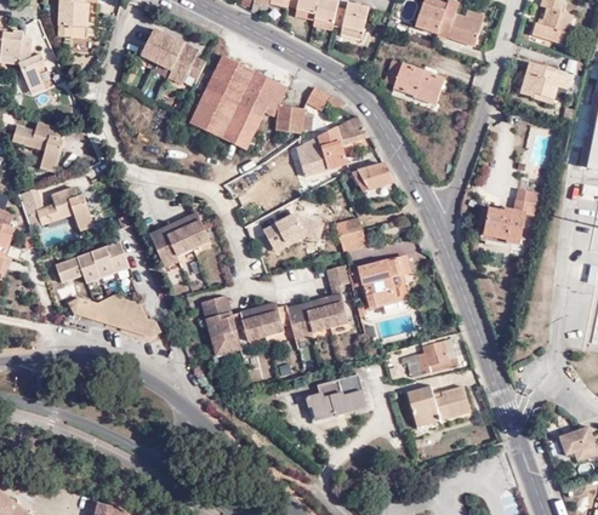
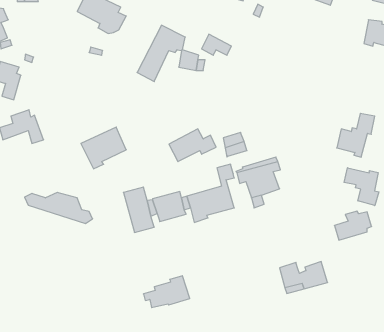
building: [183,55,251,136] -> none
building: [385,59,444,104] -> none
building: [294,118,369,173] -> none
building: [353,165,397,191] -> none
building: [55,241,129,284] -> none
building: none -> [344,168,379,206]
building: [404,337,454,376] -> [334,211,372,240]
building: [304,374,366,417] -> [143,276,190,308]

